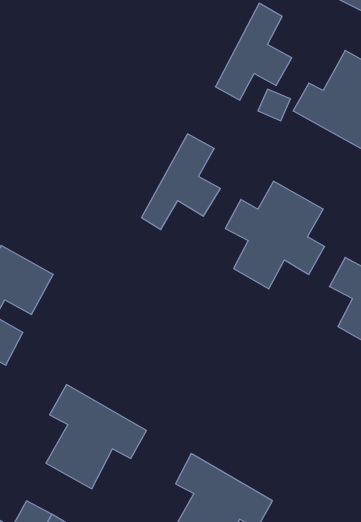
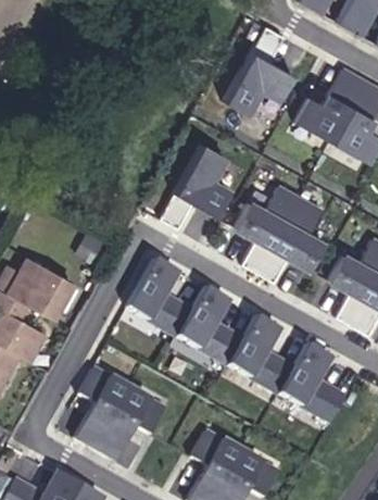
building: none -> [125,259,345,422]

